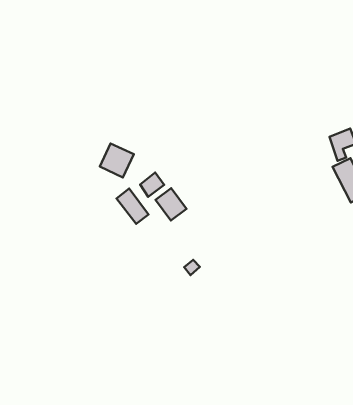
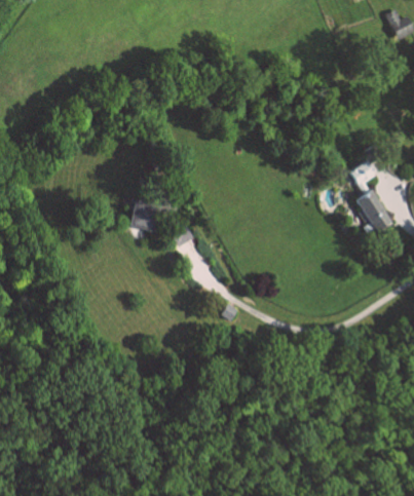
building: [156,188,186,220] -> none
building: [116,189,149,224] -> none

